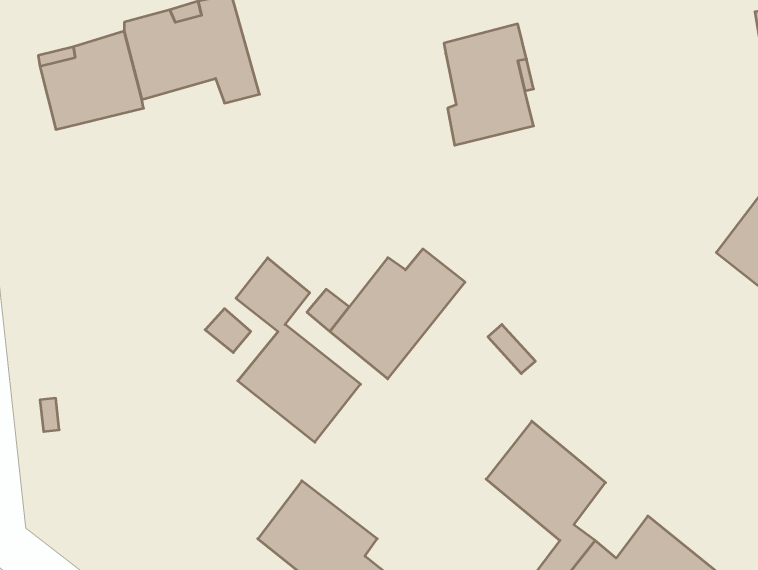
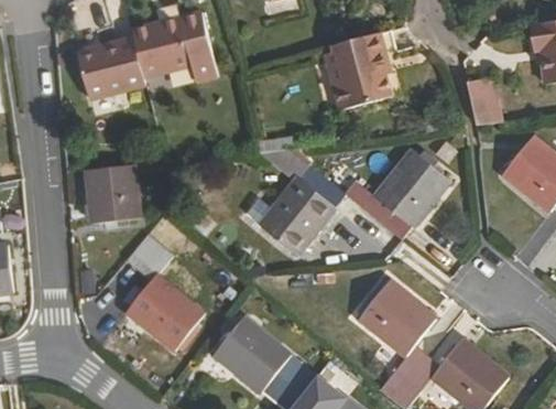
building: none -> [467,76,501,125]
building: none -> [346,149,449,238]
building: none -> [86,163,140,223]
building: [236,258,361,442] -> [126,234,204,349]

